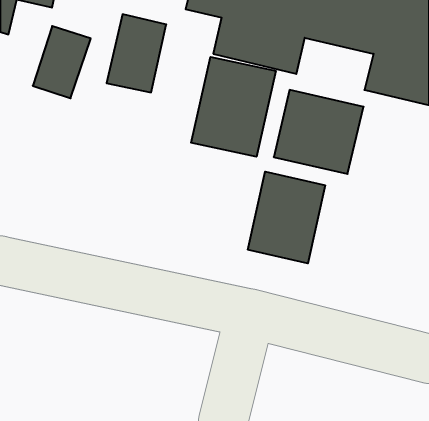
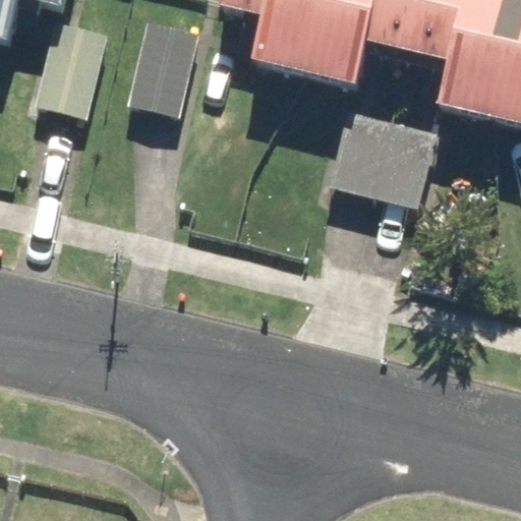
building: [191,57,276,157] -> none
building: [248,172,325,263] -> none

